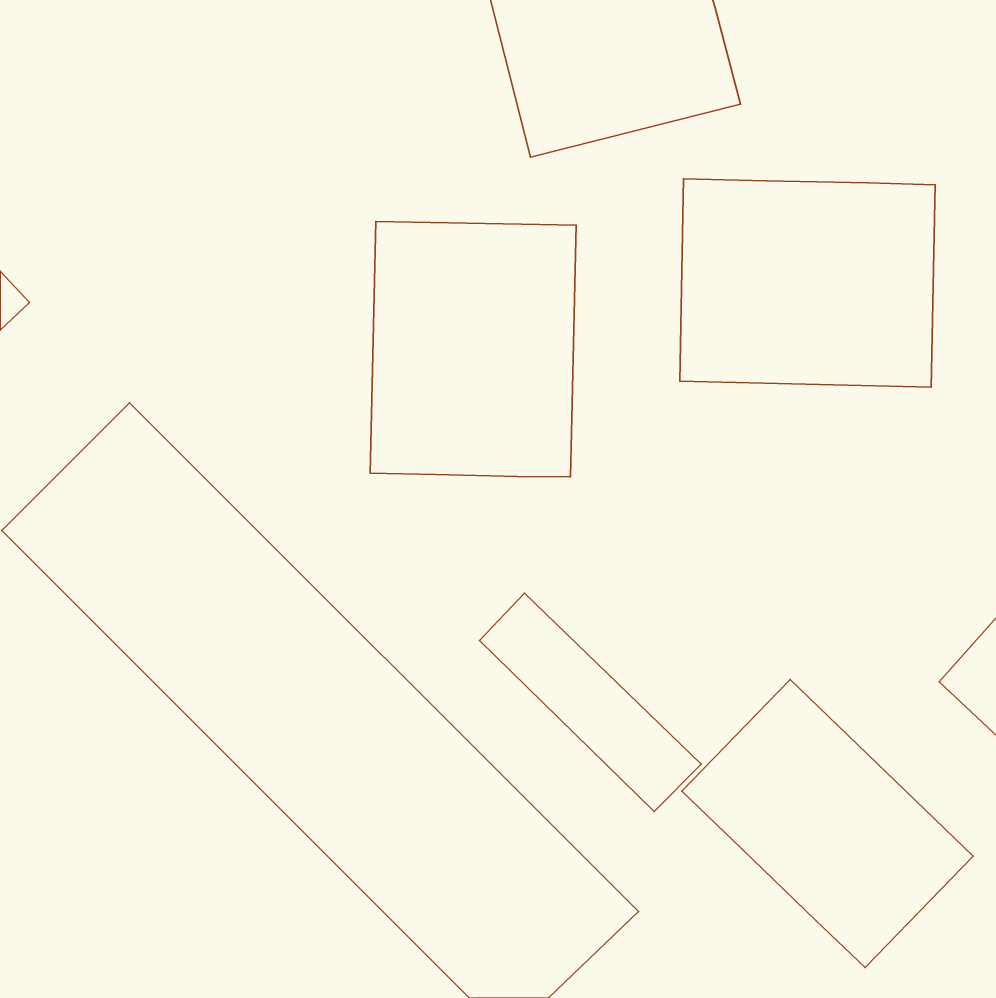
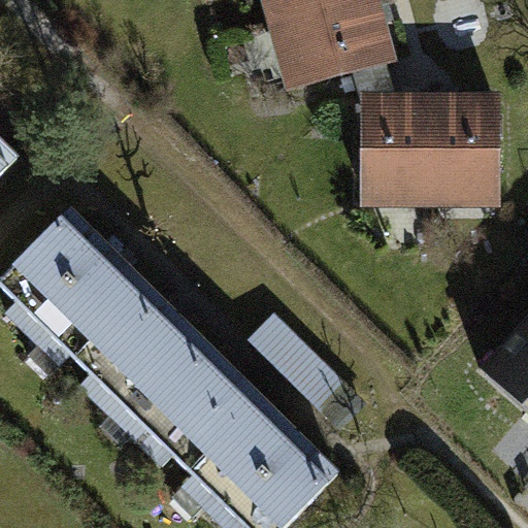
building: [370,222,576,477] -> none
building: [682,680,973,968] -> none

